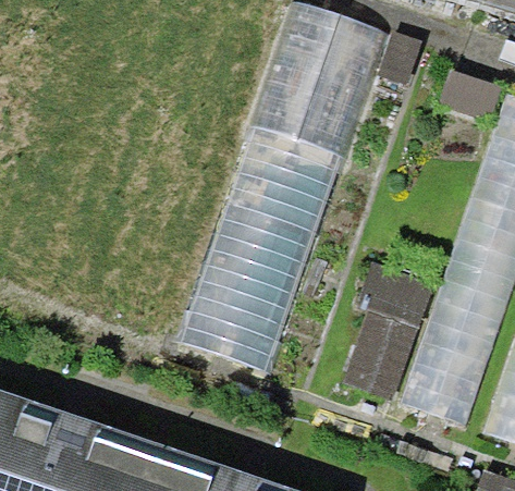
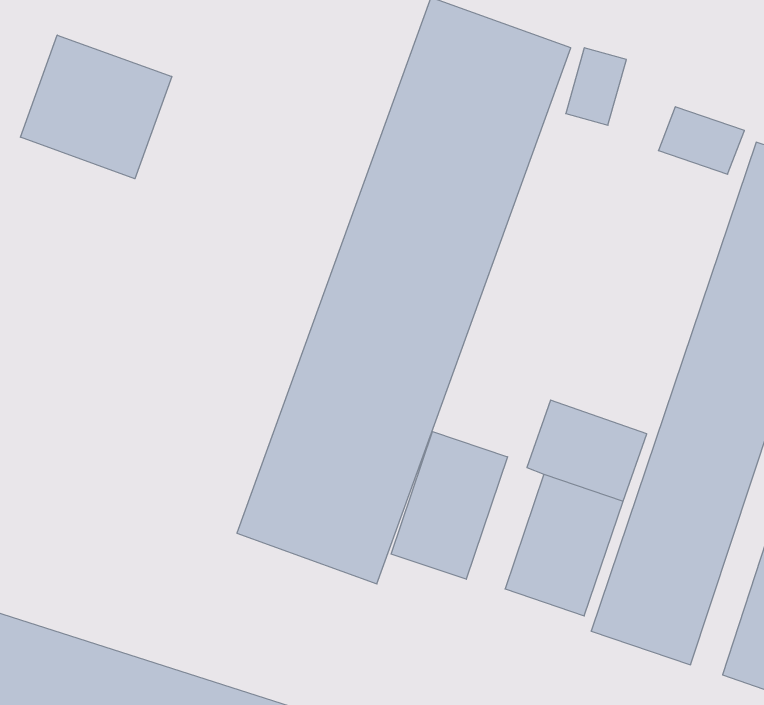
building: none -> [20,35,172,179]
building: none -> [391,432,508,579]

